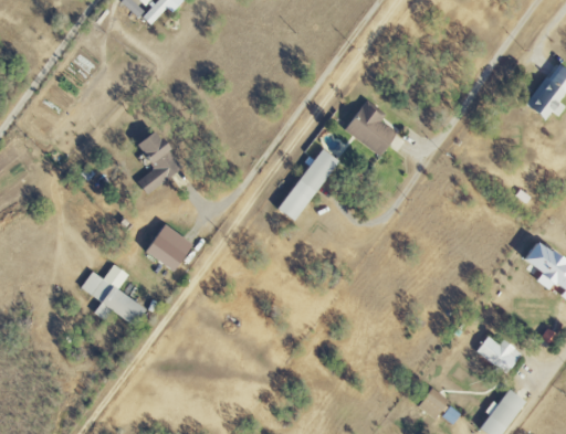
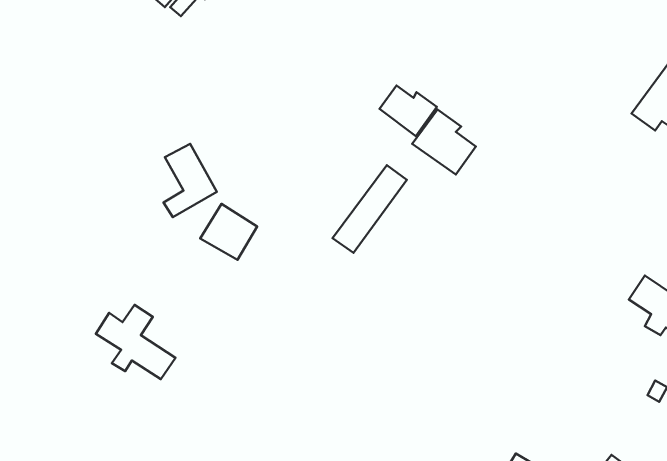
building: none -> [379,86,437,136]
building: [146,224,193,271] -> [200,204,257,260]
building: [475,336,521,373] -> none

